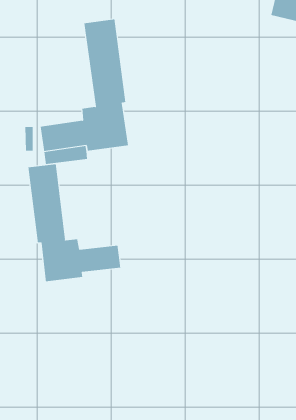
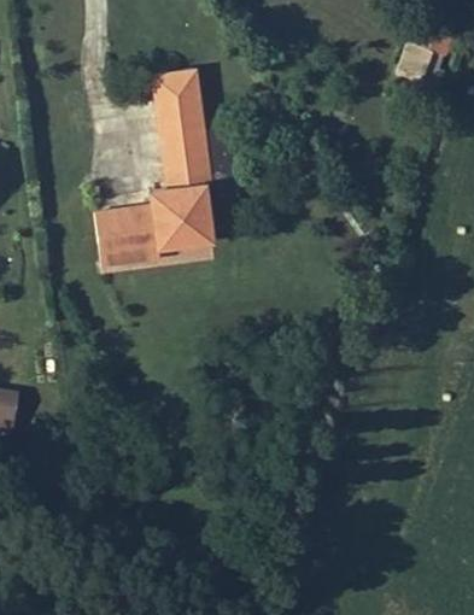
building: [28,163,121,282] -> none

